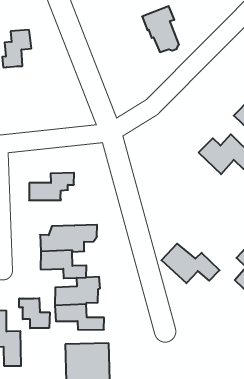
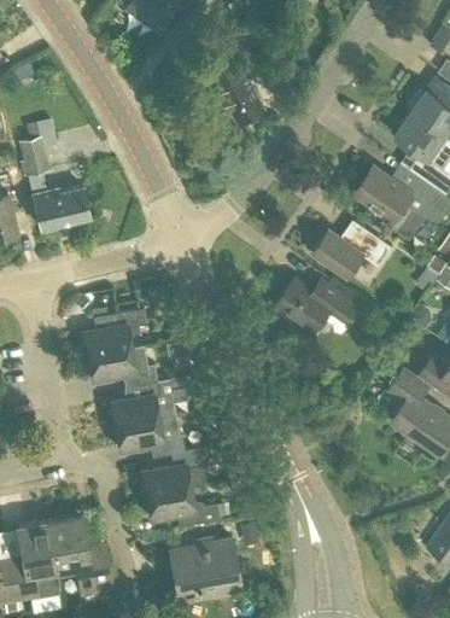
building: none -> [27,171,89,231]
building: none -> [87,345,156,387]
building: [161,244,220,283] -> [276,278,360,331]
building: [19,298,50,328] -> none

